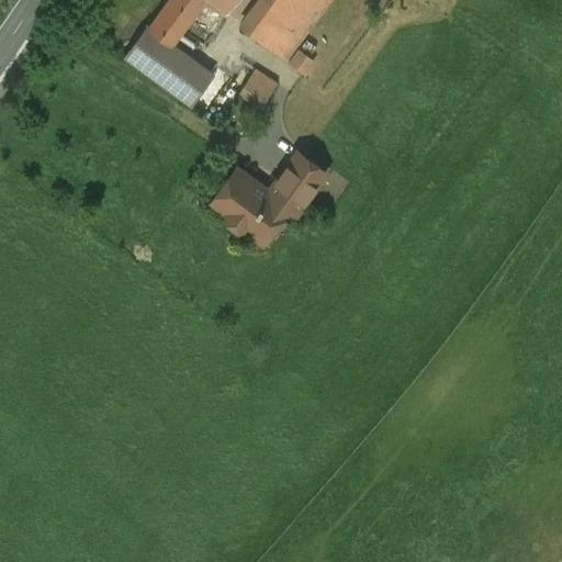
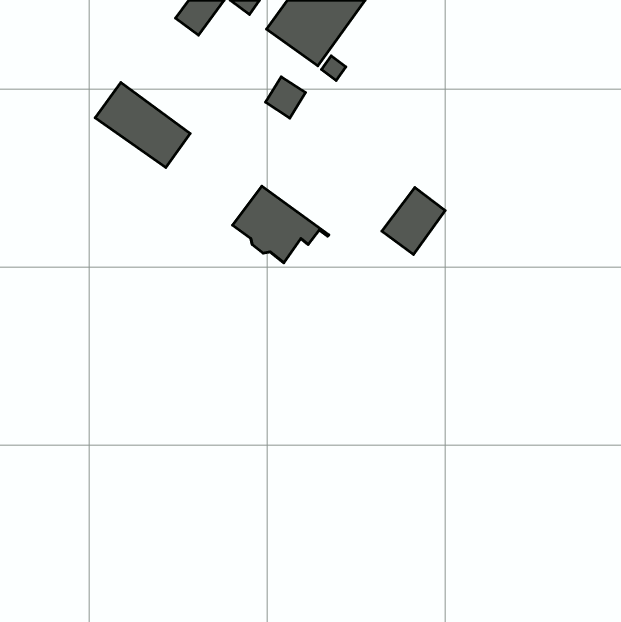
building: [127,27,213,104] -> [95,82,190,168]
building: [269,151,326,212] -> [382,187,445,254]

